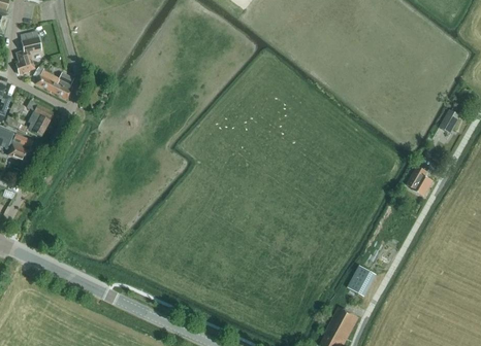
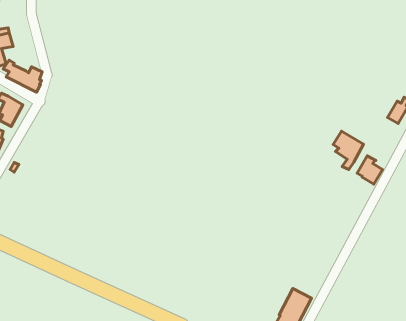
building: none -> [333,131,364,169]
building: [347,265,377,296] -> none

